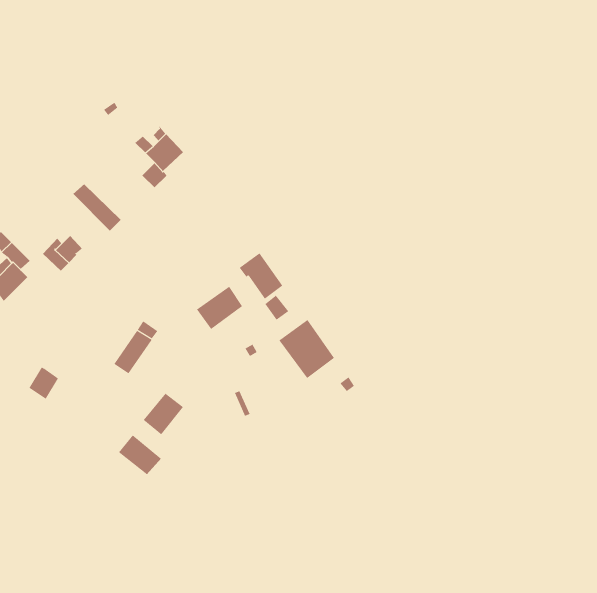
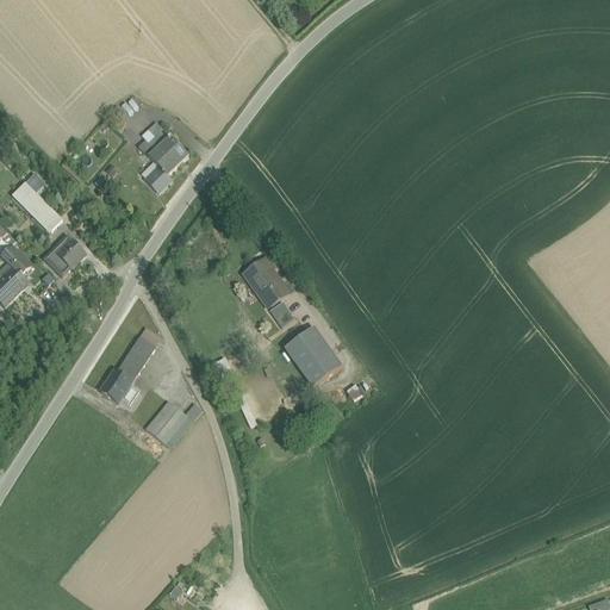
building: [72,183,122,231] -> [12,182,62,231]
building: [196,286,243,330] -> none
building: [28,367,59,400] -> [100,369,131,403]
building: [118,434,162,475] -> none

